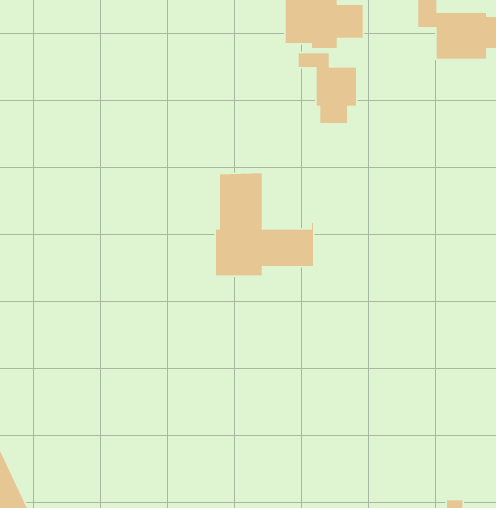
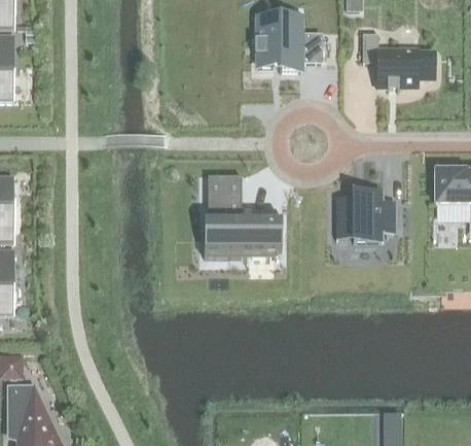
building: [298,53,357,124] -> none
building: none -> [336,192,394,240]

